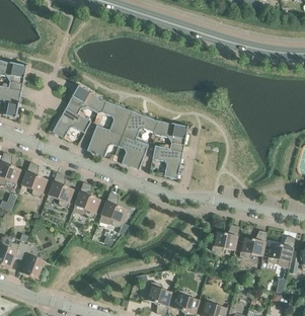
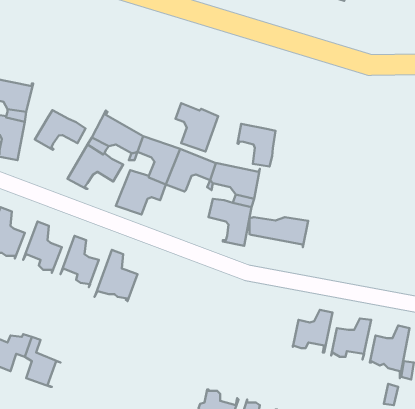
building: none -> [35,110,85,150]
building: none -> [237,124,276,166]
building: [118,135,148,169] -> [175,103,218,152]
building: none -> [249,217,308,247]
building: [97,191,129,234] -> none

